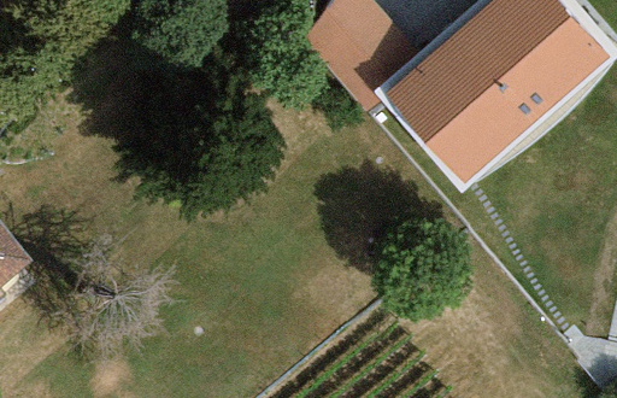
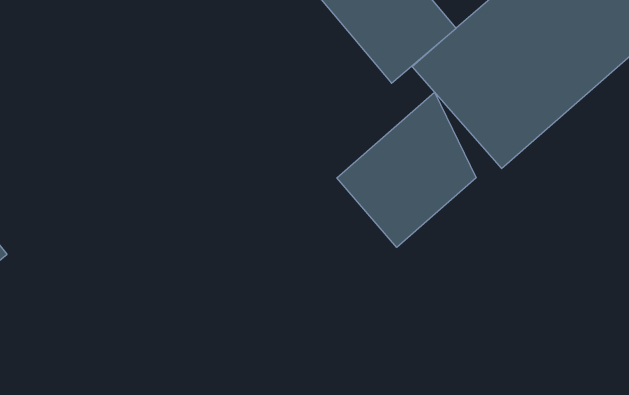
building: none -> [337,92,476,247]

